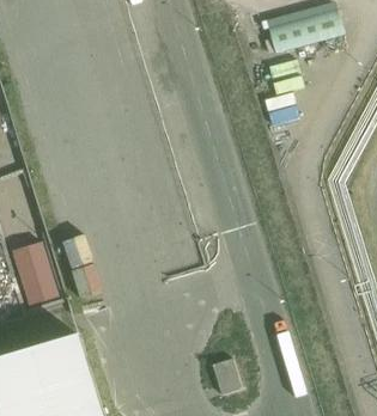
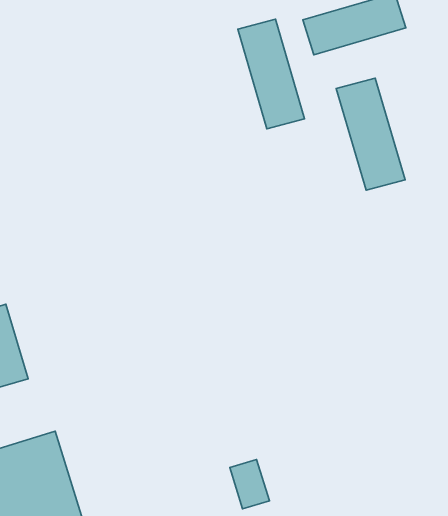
building: none -> [238,19,305,129]
building: none -> [336,78,405,190]

